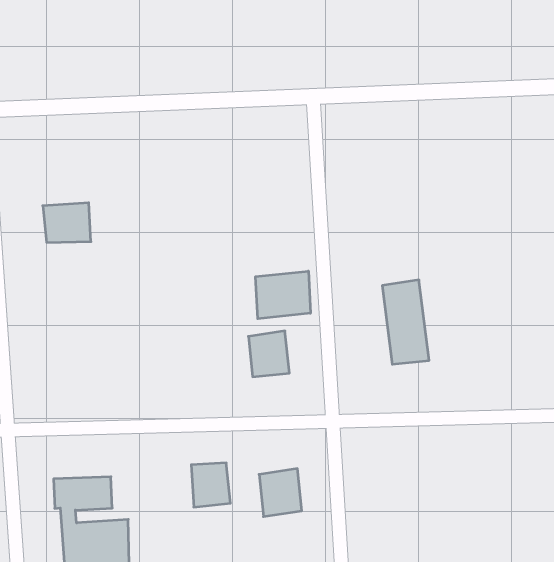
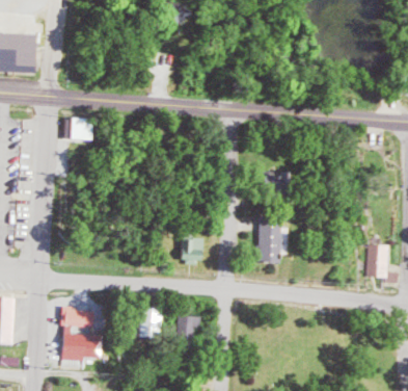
building: [43,203,91,242] -> [65,118,91,140]
building: [256,271,310,319] -> none

